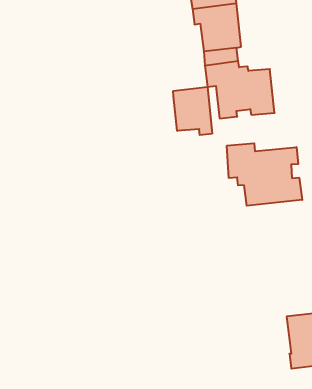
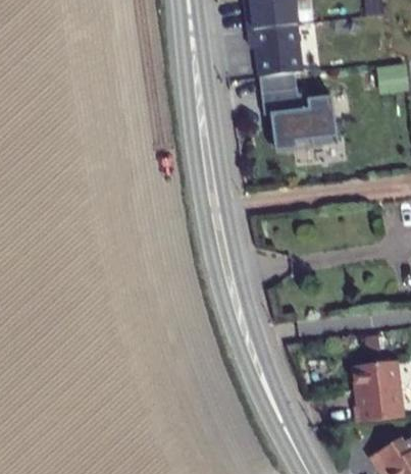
building: [173,87,212,135] -> none
building: [227,143,302,206] -> none

